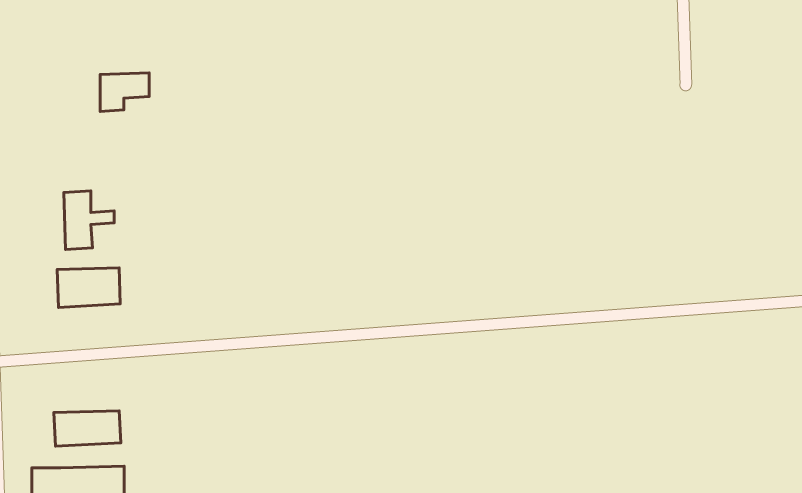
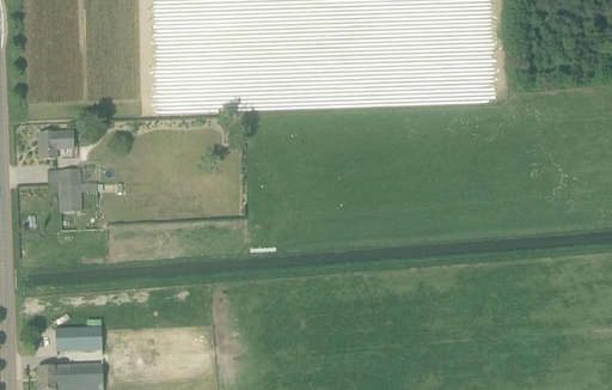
building: [100,73,149,112] -> [39,130,74,158]
building: [57,268,120,307] -> none

